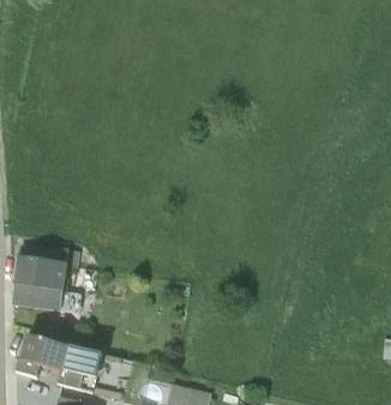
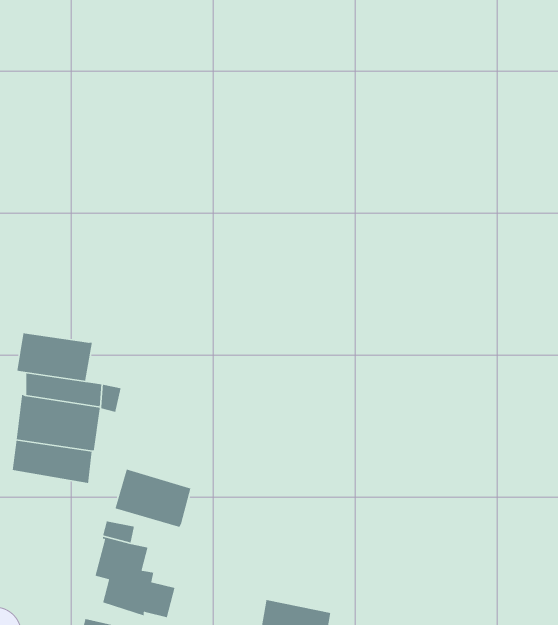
building: none -> [16,333,93,382]
building: [22,336,70,373] -> [115,468,191,528]

